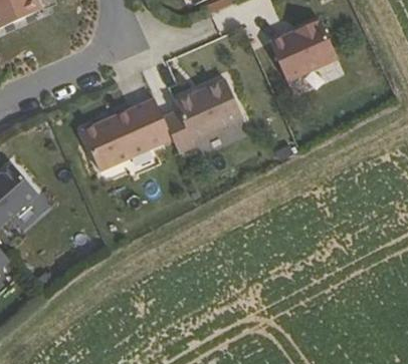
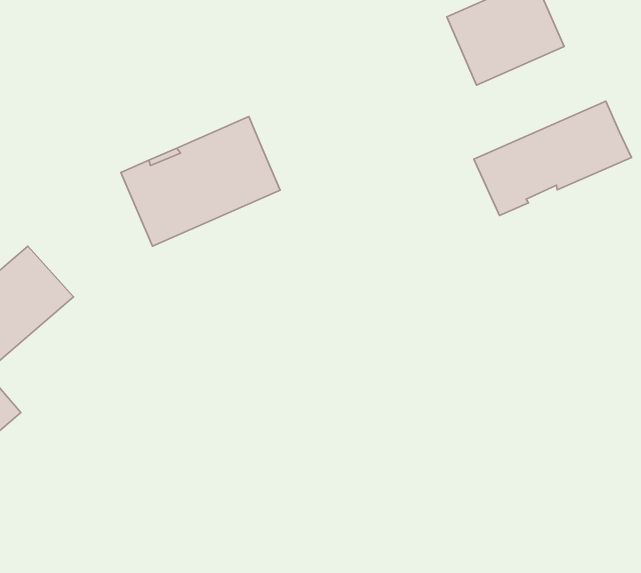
building: [162,79,241,152] -> none
building: none -> [474,101,631,215]

